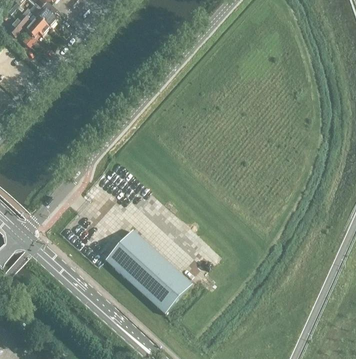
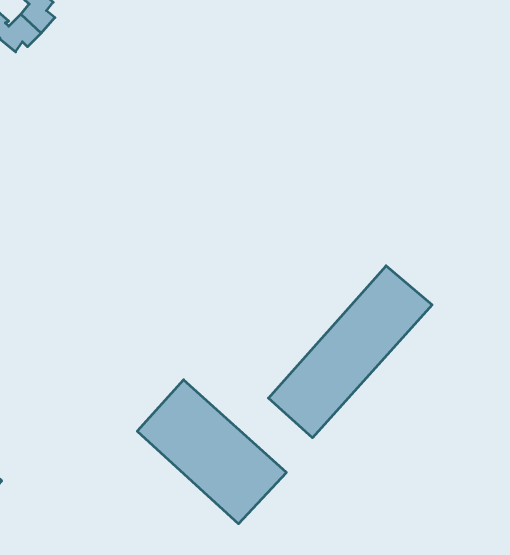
building: none -> [268,266,432,438]

